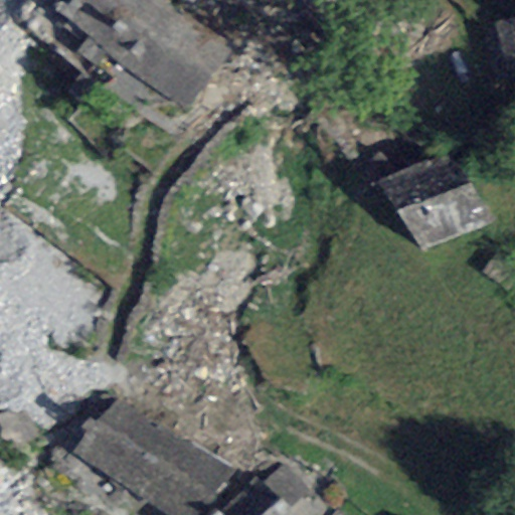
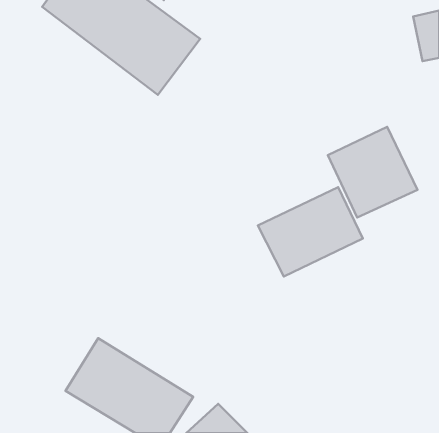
building: none -> [258,187,363,277]

